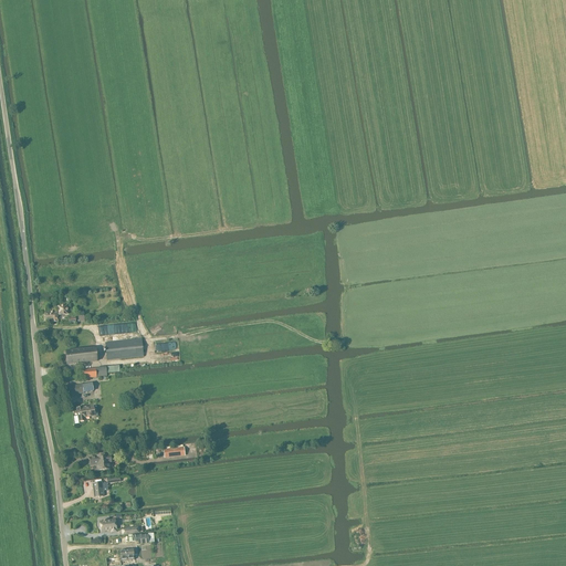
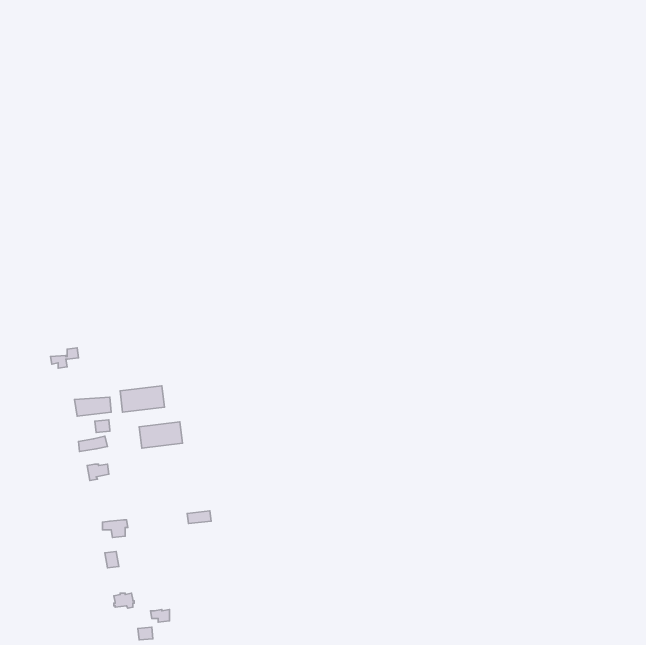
building: none -> [139,422,183,448]

